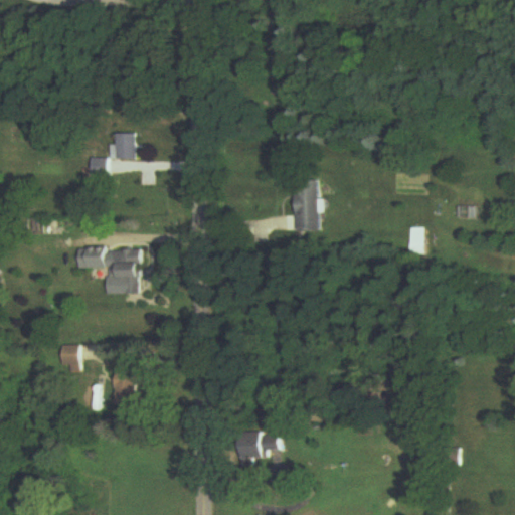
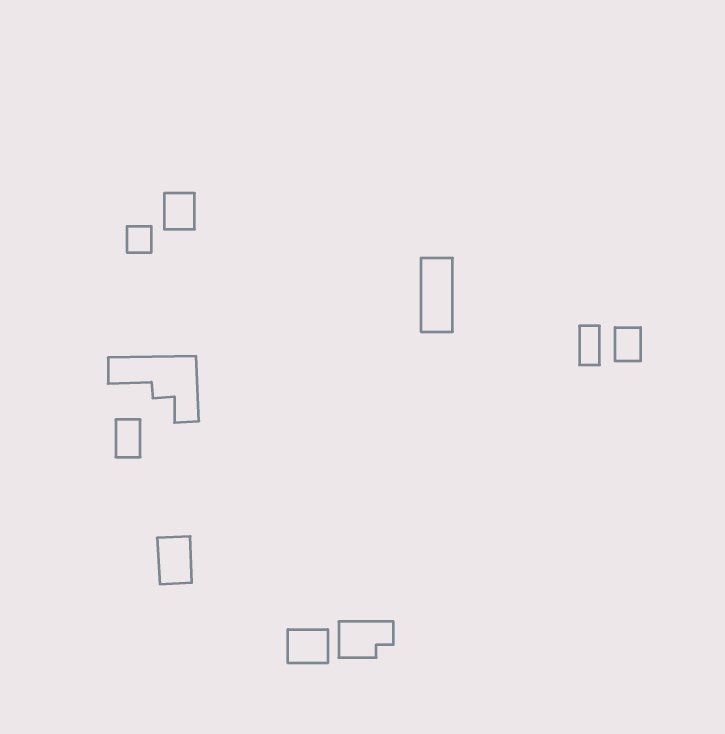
building: none -> [615,327,641,361]
building: [58,345,75,371] -> [116,420,140,457]
building: none -> [288,629,328,663]

